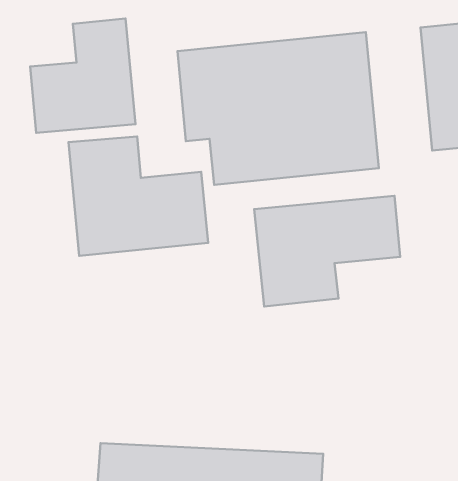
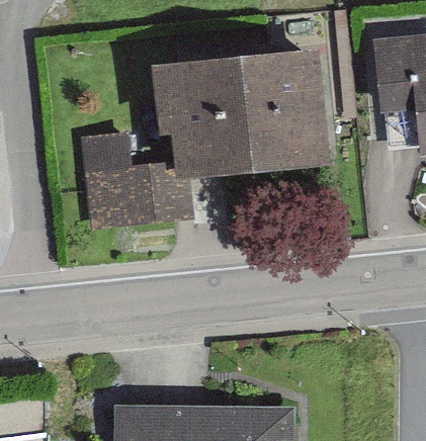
building: [30,18,135,133] -> none
building: [254,196,400,306] -> none

